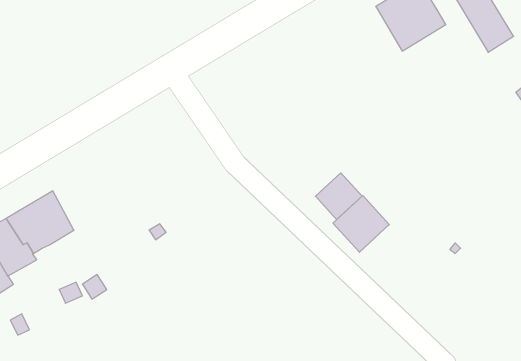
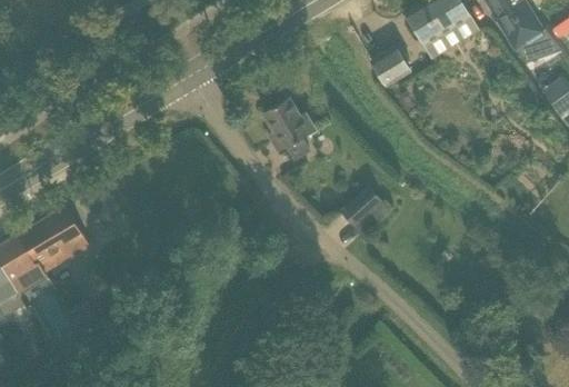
building: none -> [371,44,410,85]
building: none -> [262,97,315,158]
building: [333,196,389,252] -> none

